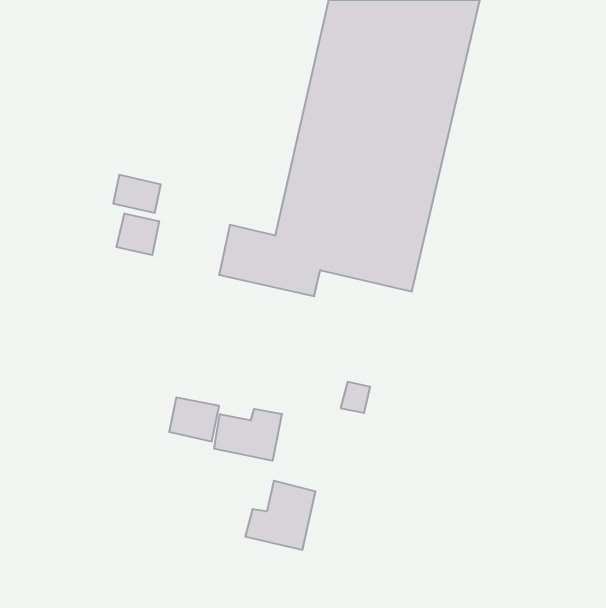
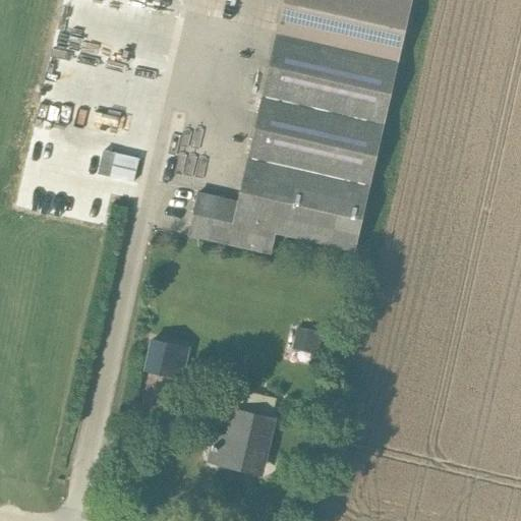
building: [116,213,159,255] -> none
building: [214,409,282,461] -> none

